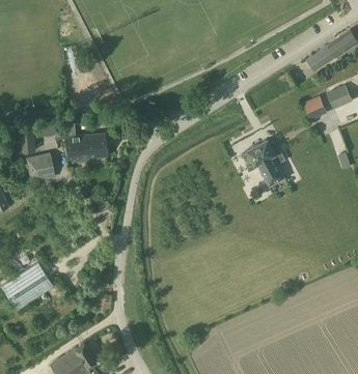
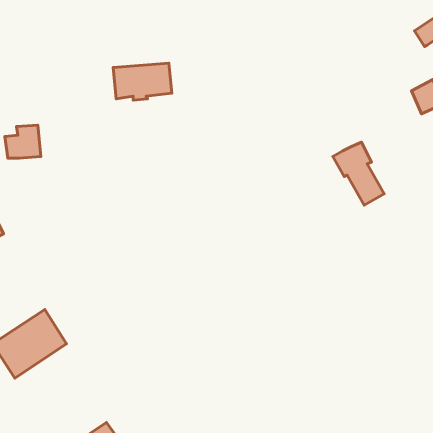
building: [64,134,107,161] -> [113,63,172,100]
building: [28,153,55,181] -> none

